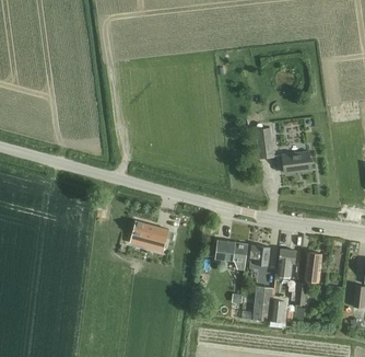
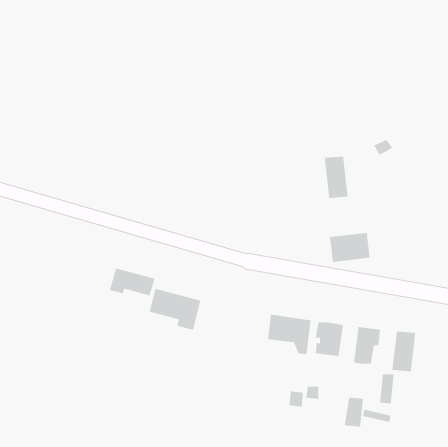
building: [282,151,311,173] -> [329,232,371,263]
building: none -> [109,267,156,296]
building: [252,286,272,321] -> none

